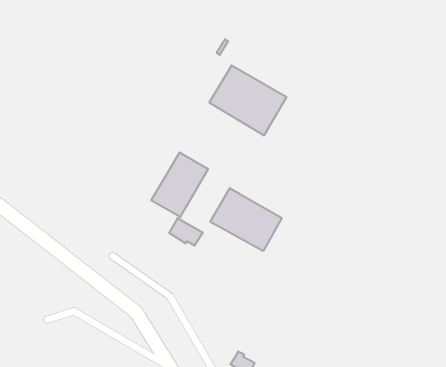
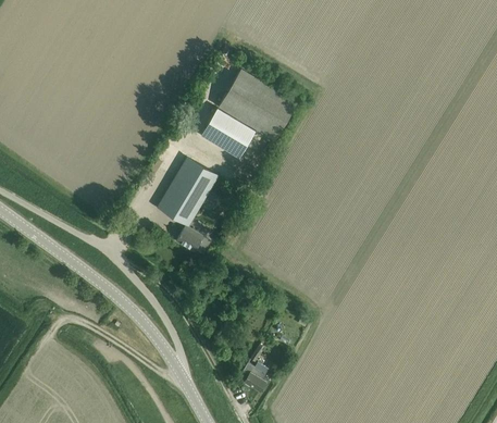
building: none -> [201,109,256,159]
building: [210,188,282,251] -> none

